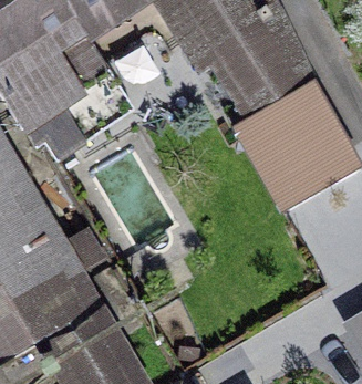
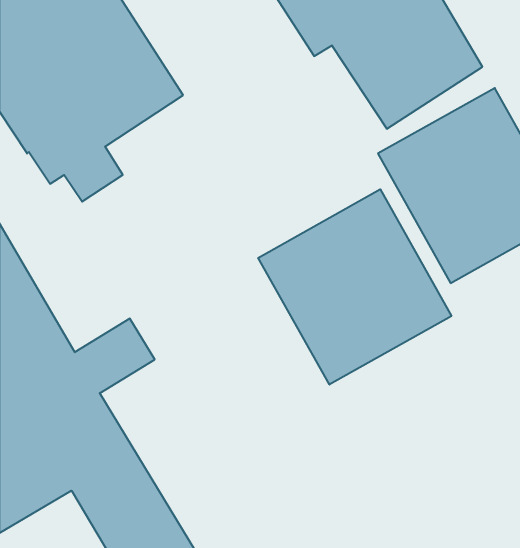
building: none -> [258,189,451,385]

